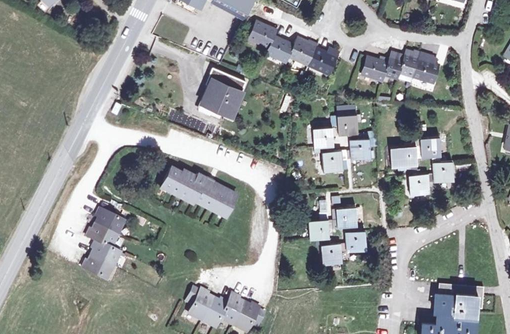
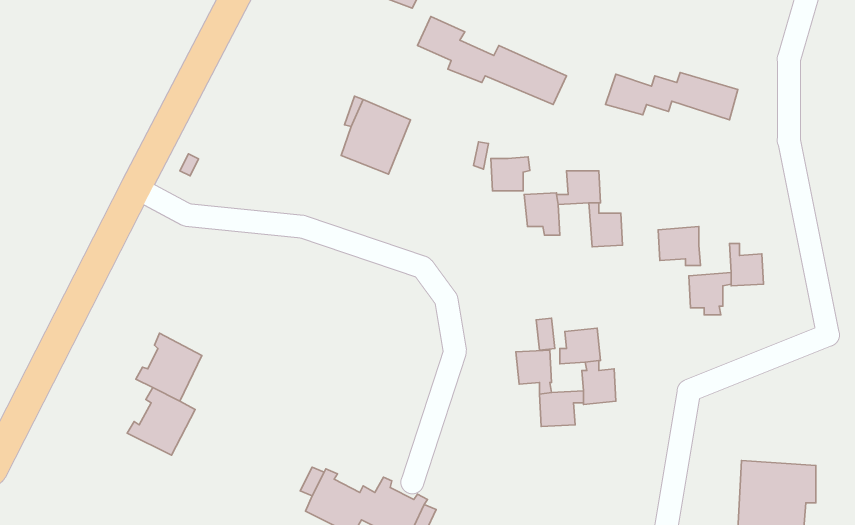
building: [415,136,440,156] -> none
building: [323,149,346,169] -> [491,157,530,191]
building: [161,167,235,215] -> none

